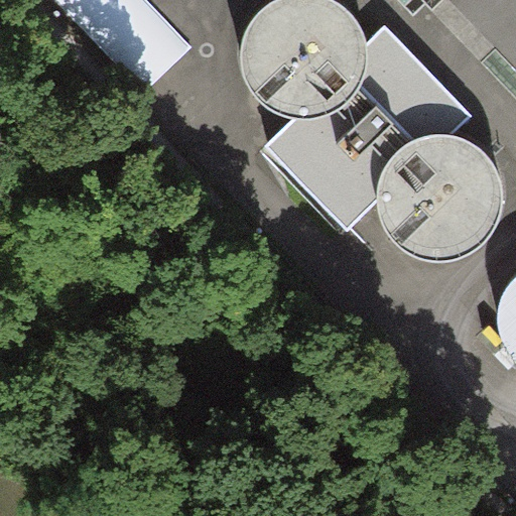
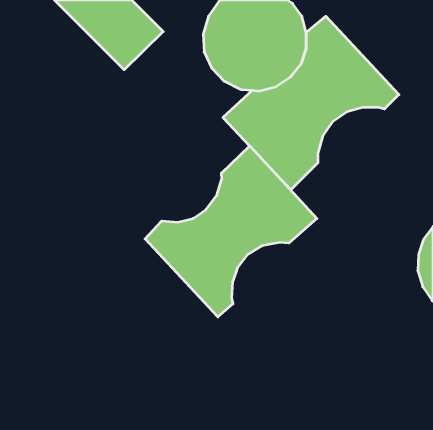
building: [377,133,499,255] -> none
building: none -> [145,146,317,317]

